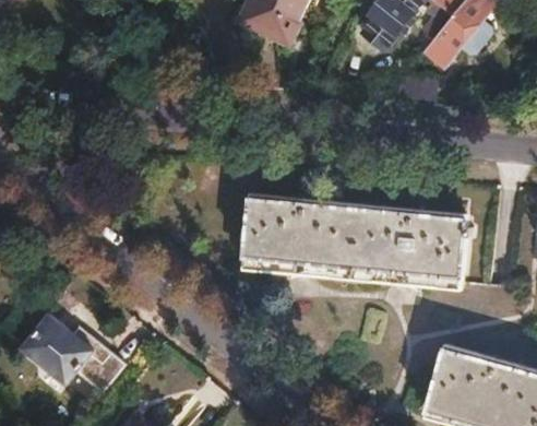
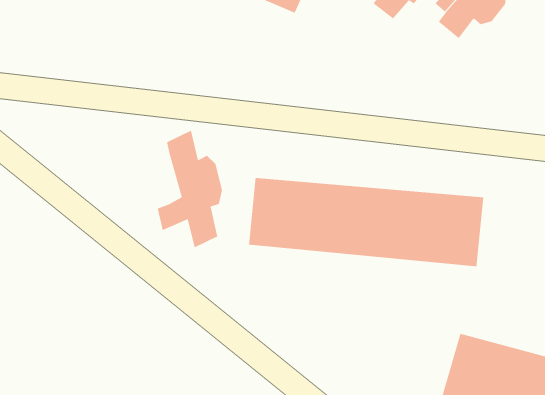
building: none -> [157,129,223,248]
building: [19,310,123,389] -> none

